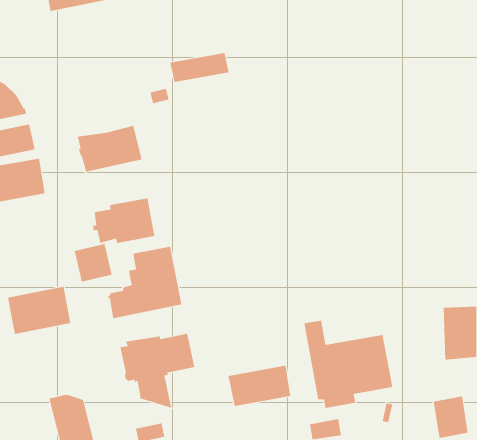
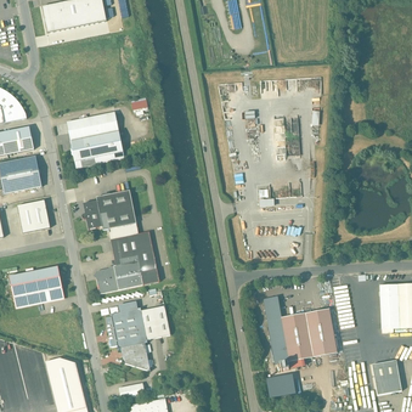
building: [170,53,229,82] -> [67,111,118,136]
building: [74,244,112,282] -> [17,199,50,232]
building: [228,365,291,407] -> none

